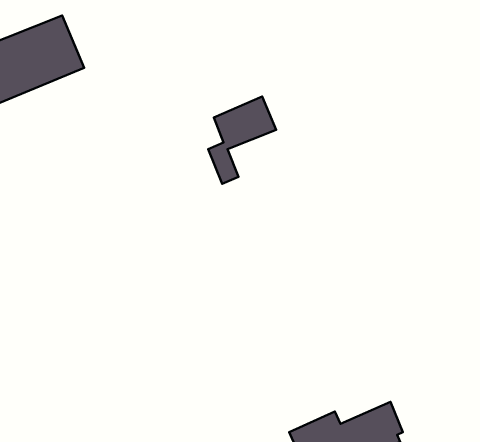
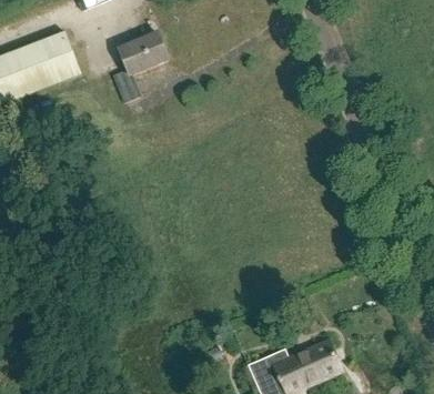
building: [208,97,276,184] -> [113,31,168,101]

